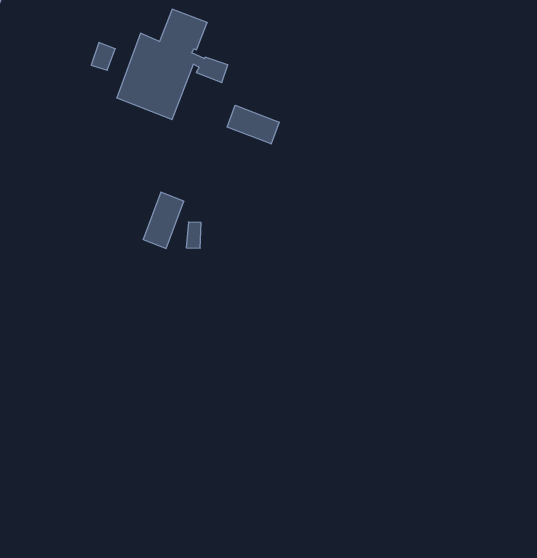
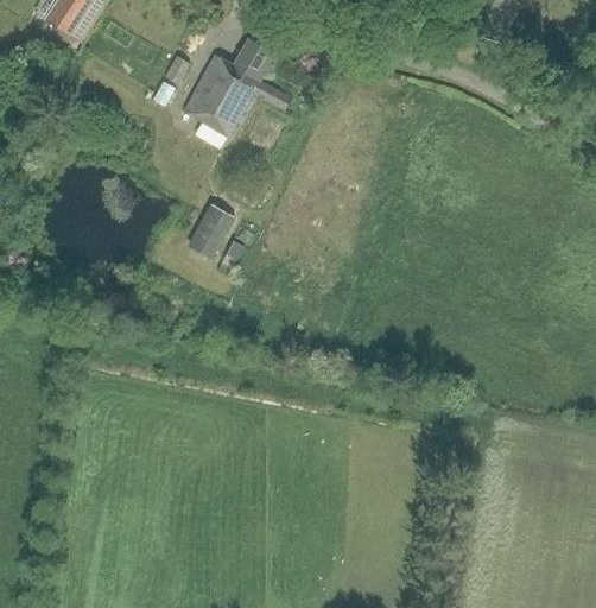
building: [227,105,279,144] -> none

